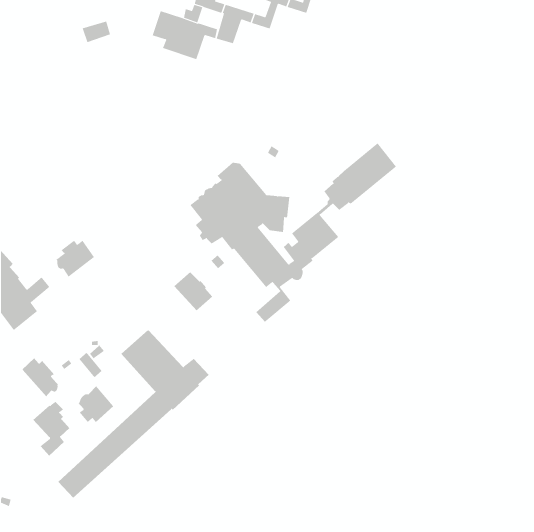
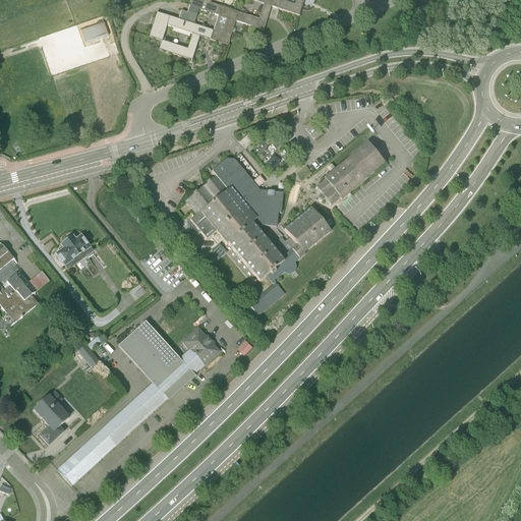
building: [173,272,213,311] -> [182,326,221,364]
building: [21,357,59,397] -> none
building: [78,386,114,423] -> none

